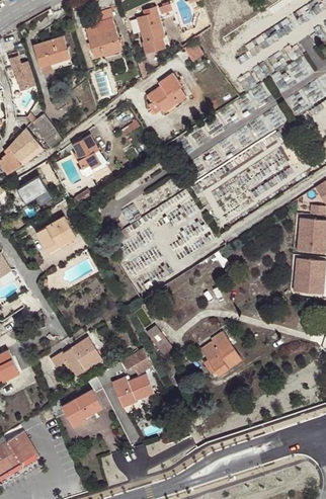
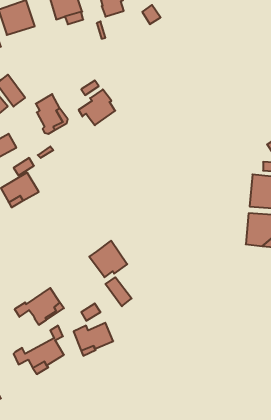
building: [146,74,184,111] -> [79,89,115,125]
building: none -> [89,241,127,277]
building: [200,332,240,375] -> none

